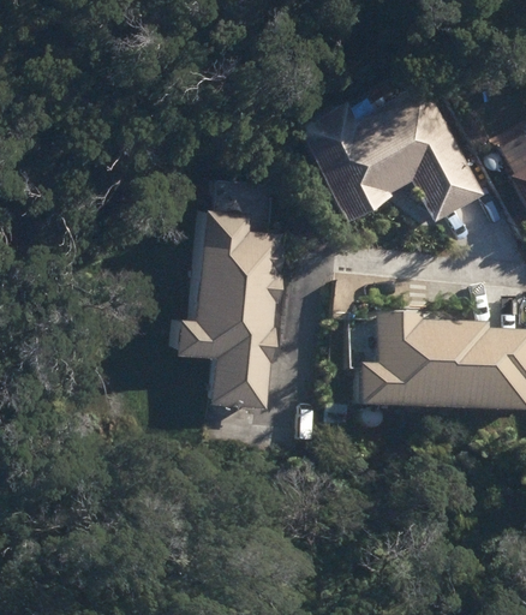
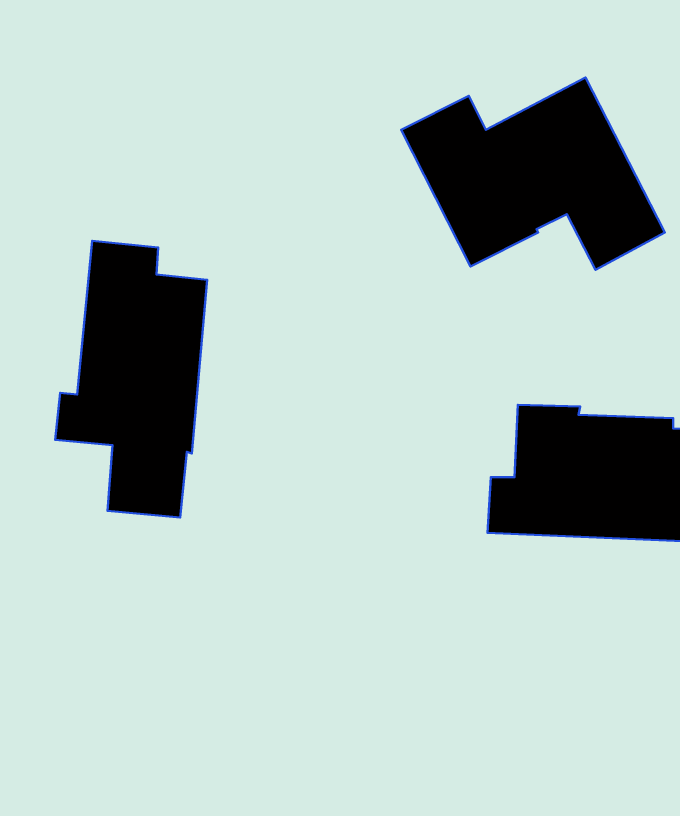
building: [174,207,282,404] -> [55,241,207,518]

